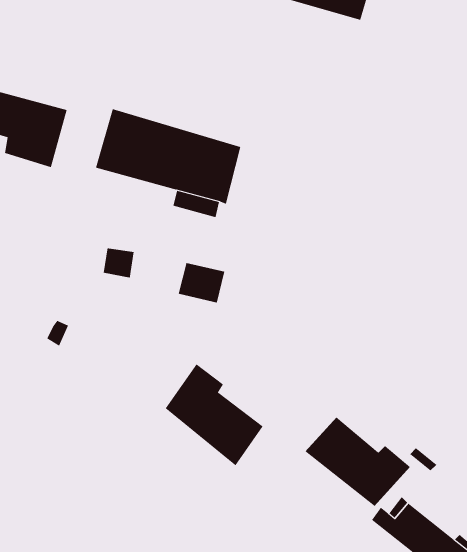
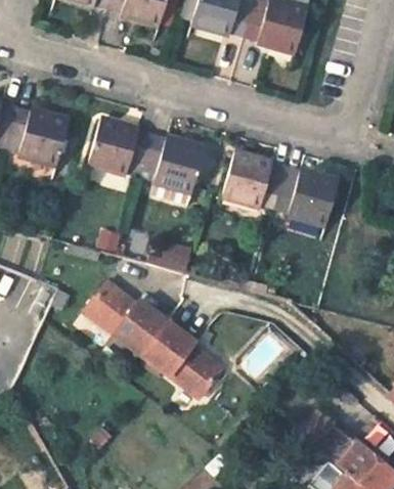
building: none -> [223,154,338,228]
building: none -> [86,280,168,353]
building: [304,416,411,507] -> none

